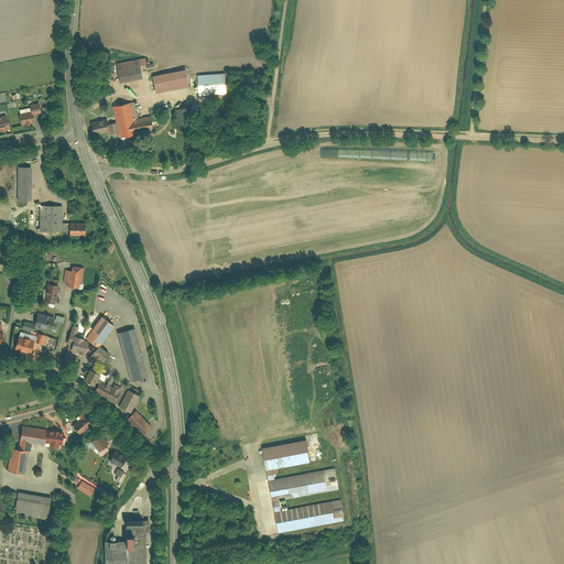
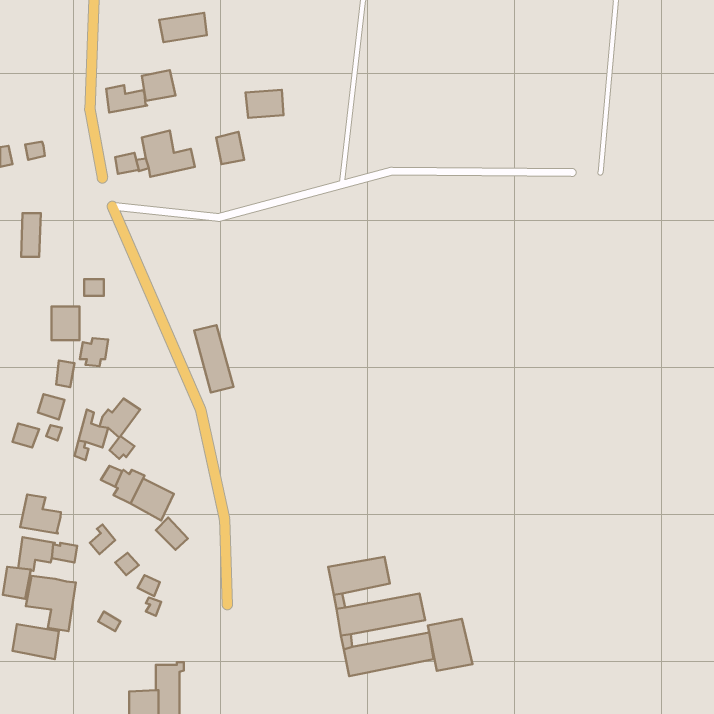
building: none -> [106,85,147,113]
building: [153,72,191,95] -> [159,13,207,42]
building: [37,204,59,230] -> [51,307,79,340]
building: [116,327,147,380] -> [194,325,233,392]
building: none -> [20,494,61,534]
building: none -> [26,576,76,631]
building: none -> [428,619,473,671]

